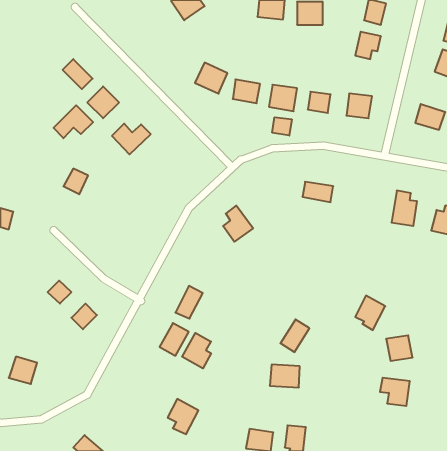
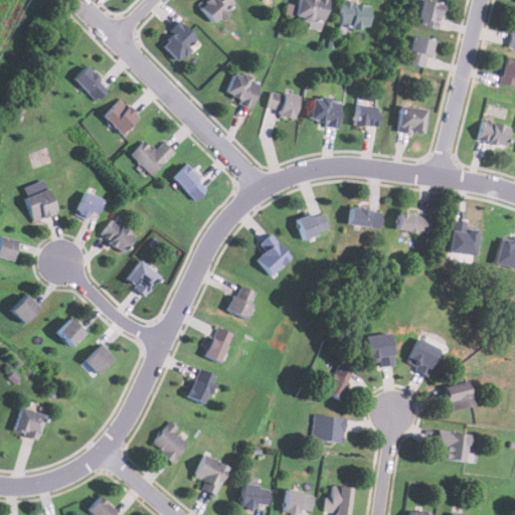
building: none -> [162,23,201,62]
building: [54,105,93,138] -> none
building: [272,117,292,136] -> none
building: none -> [173,166,207,200]
building: none -> [26,190,57,222]
building: none -> [298,210,331,240]
building: none -> [397,212,433,235]
building: none -> [102,218,137,252]
building: none -> [127,261,161,295]
building: none -> [228,285,259,319]
building: none -> [12,296,39,324]
building: none -> [364,331,397,367]
building: [182,333,211,368] -> none
building: none -> [153,422,192,462]
building: none -> [241,483,273,509]

